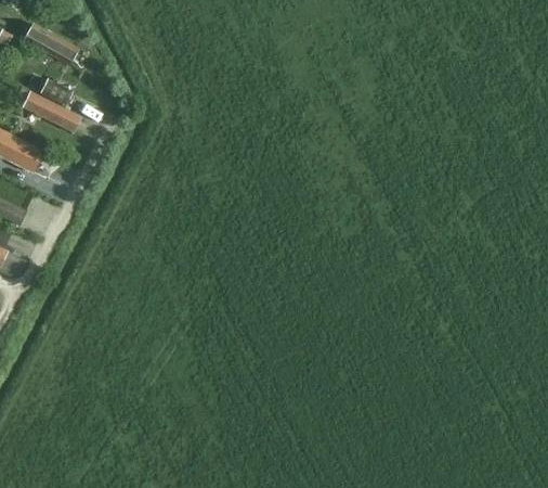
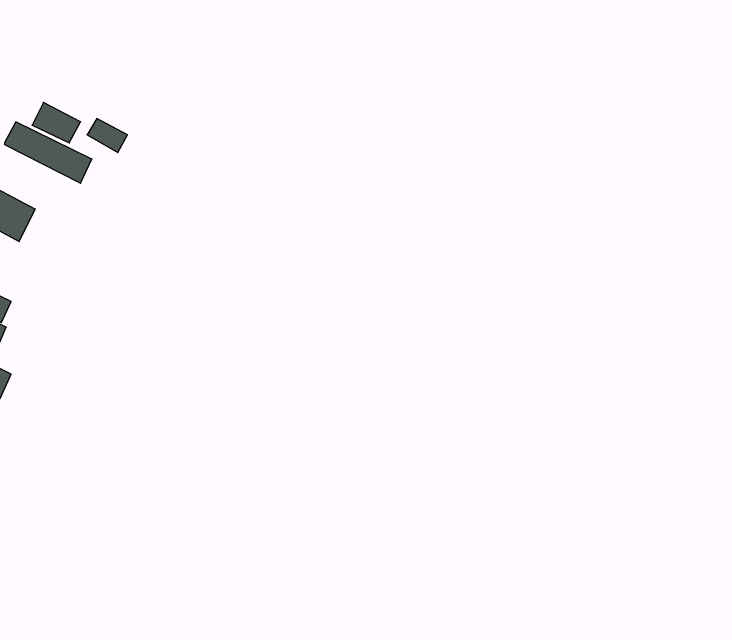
building: [23,22,77,63] -> none

